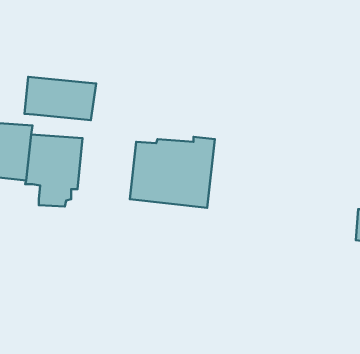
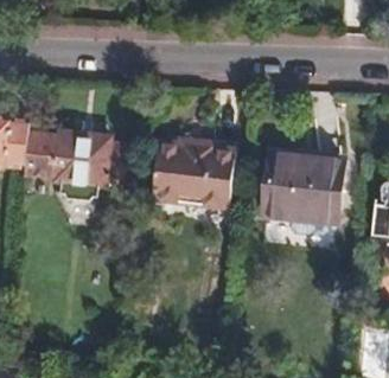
building: [24,77,96,120] -> none
building: none -> [263,152,342,218]

